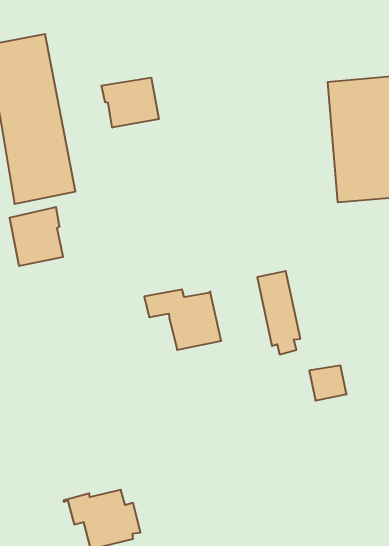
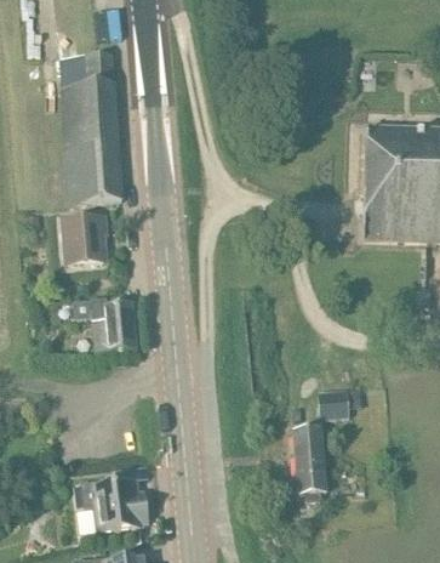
building: [102,78,159,128] -> none
building: [257,271,300,354] -> [293,426,326,501]
building: [144,289,221,350] -> [70,296,136,351]

